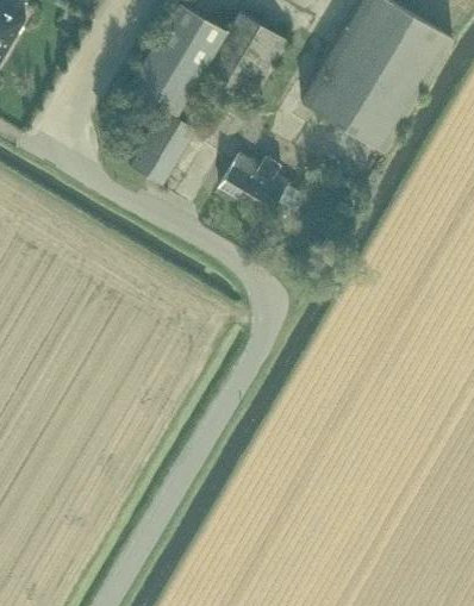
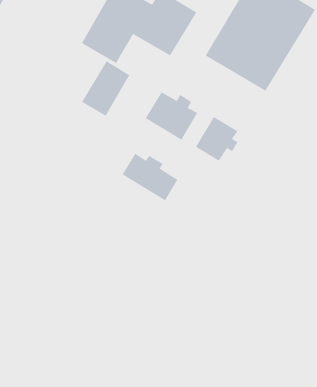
building: none -> [195,116,238,161]
building: none -> [122,153,178,201]

